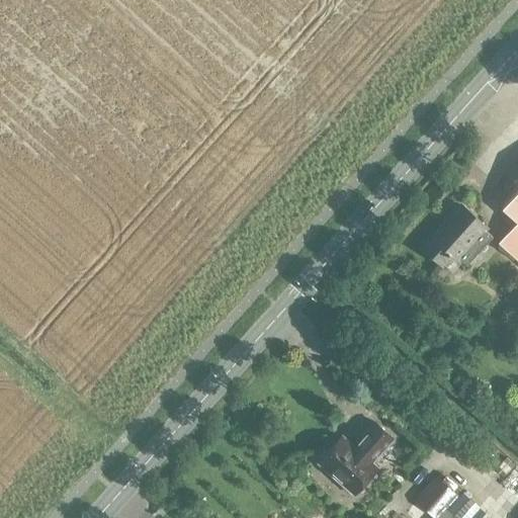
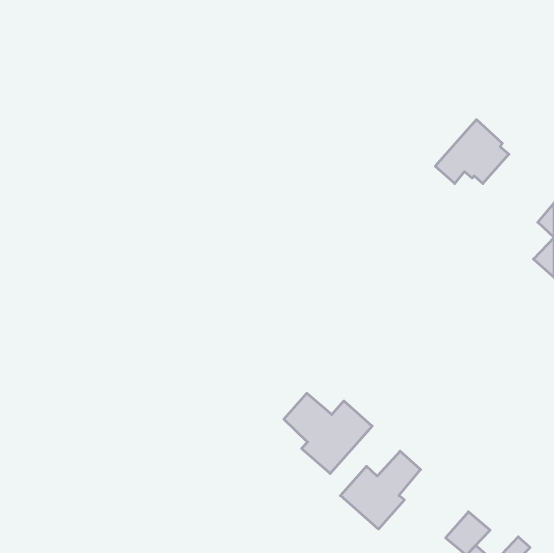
building: [422,204,491,264] -> [435,120,509,184]
building: none -> [284,393,372,474]

